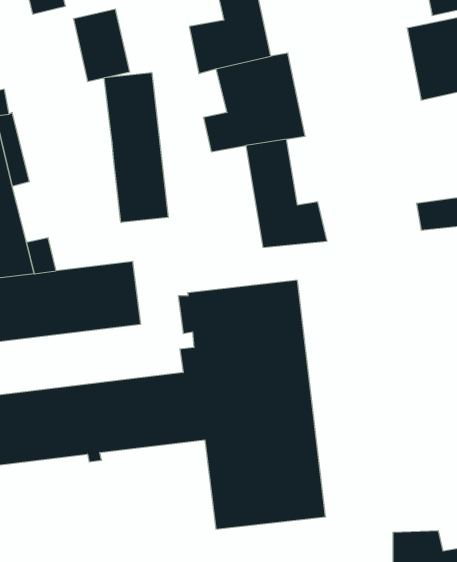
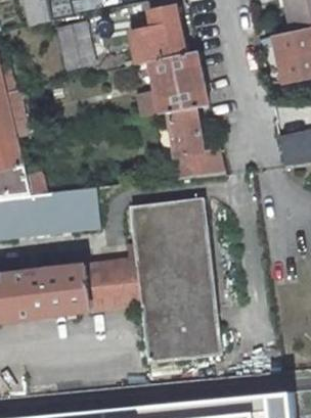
building: [104,72,168,223] -> none

